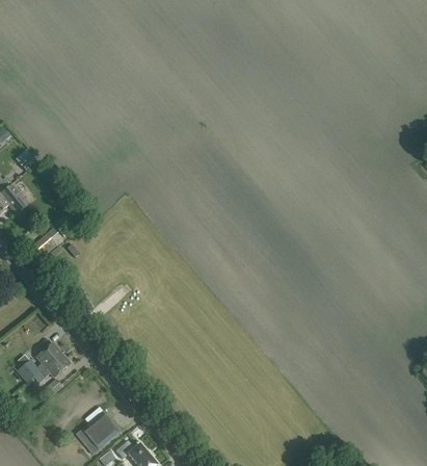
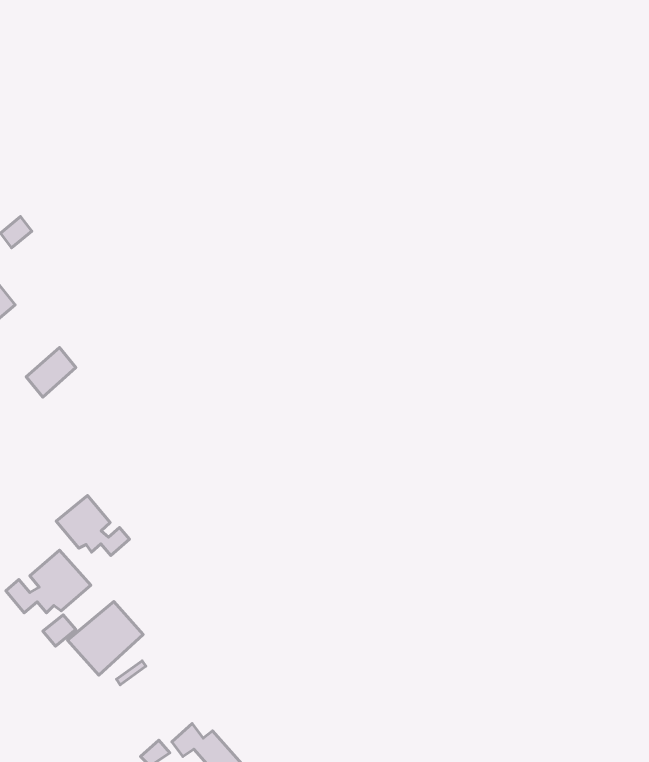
building: none -> [56,496,129,556]
building: [76,412,118,454] -> [68,601,143,675]

